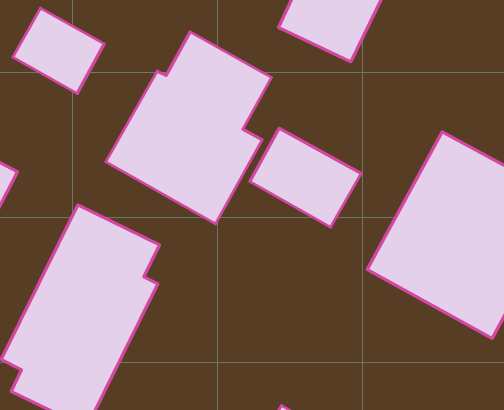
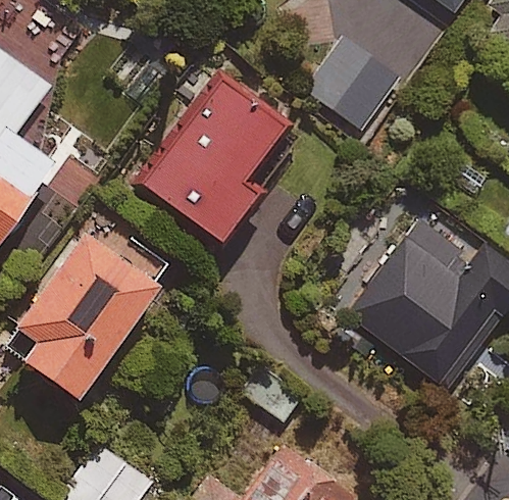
building: [13,8,104,93] -> none
building: [250,128,361,227] -> none

